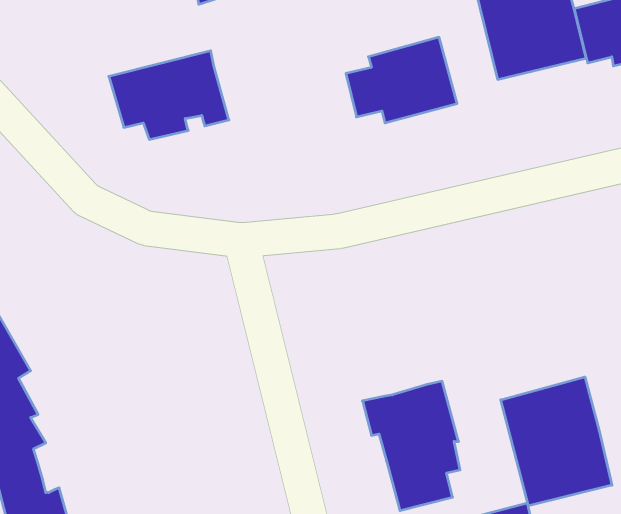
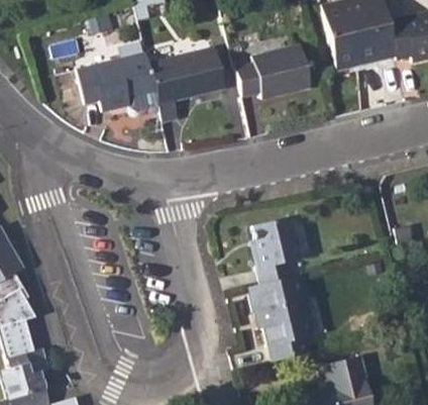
building: none -> [147,45,225,125]
building: none -> [251,217,298,283]
building: [501,377,612,506] -> none

